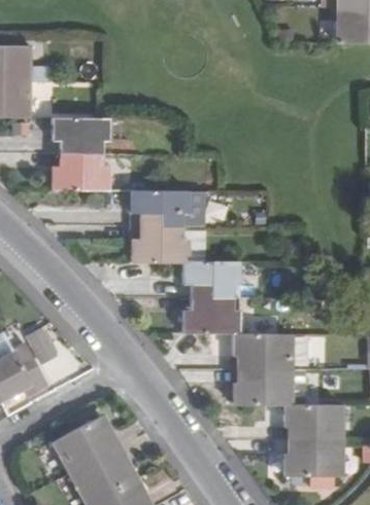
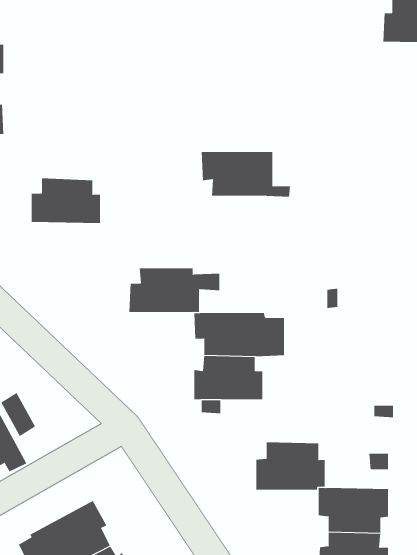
building: [52,117,109,155] -> none
building: [131,190,204,227] -> [201,152,291,197]
building: [234,333,310,368] -> none

